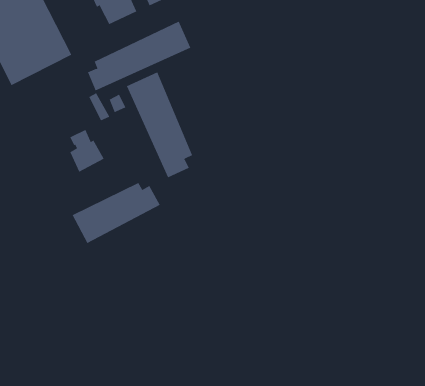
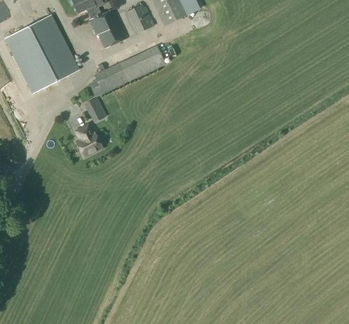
building: [126,72,193,178] -> none
building: [72,182,160,244] -> none

